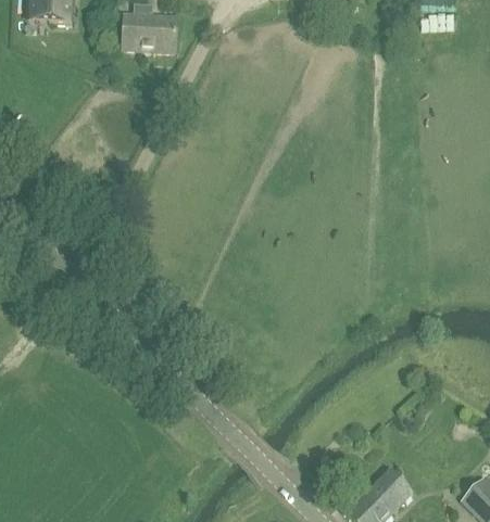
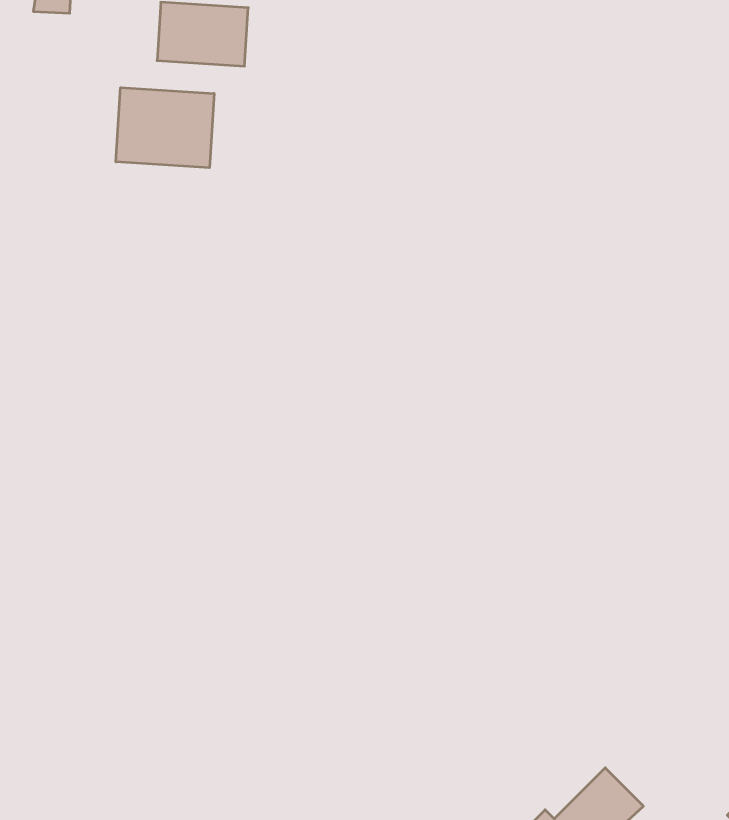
building: none -> [116,88,214,168]

